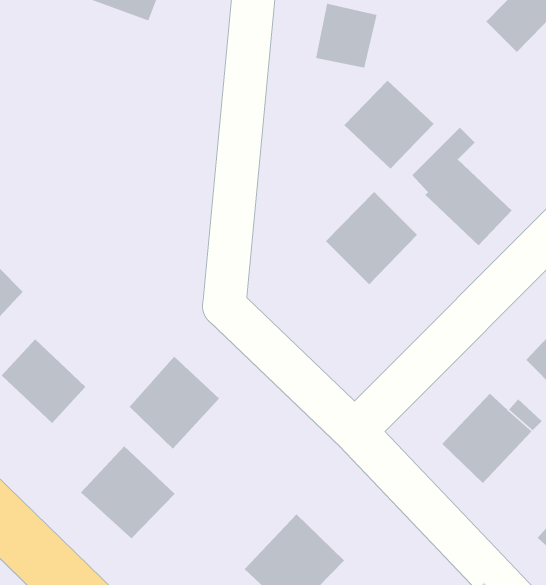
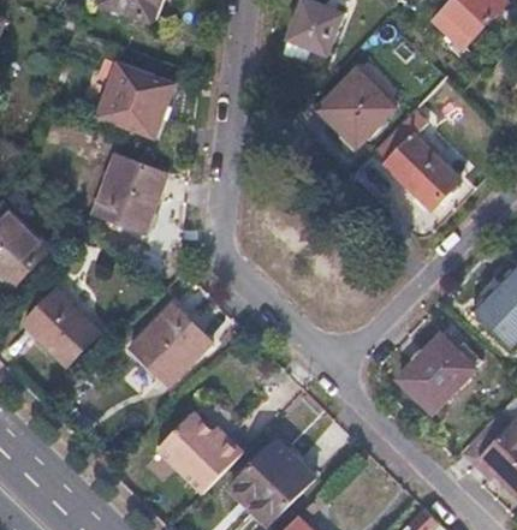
building: none -> [96,65,172,138]
building: none -> [88,155,159,231]
building: [325,191,418,285] -> none
building: [80,445,175,539] -> [171,401,251,481]

